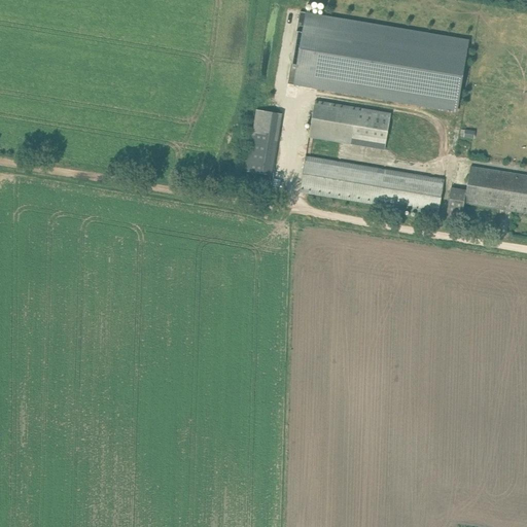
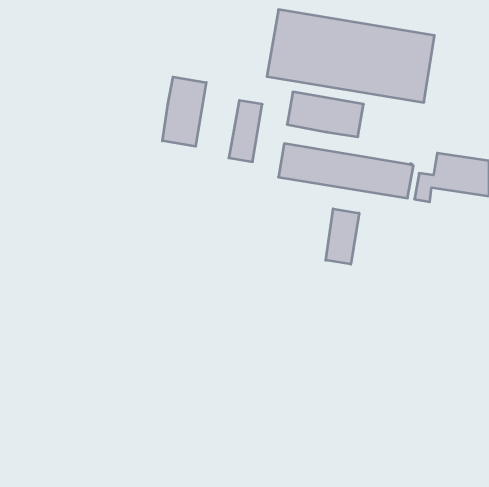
building: none -> [162,77,206,146]
building: none -> [326,209,359,264]

